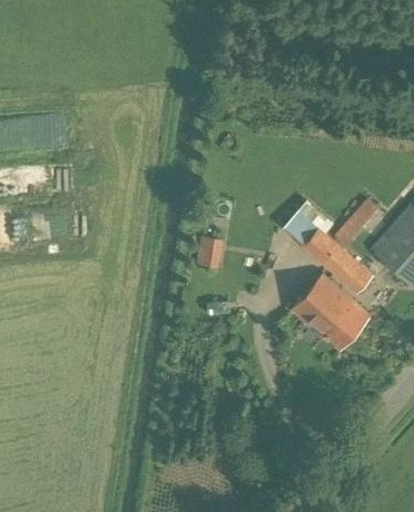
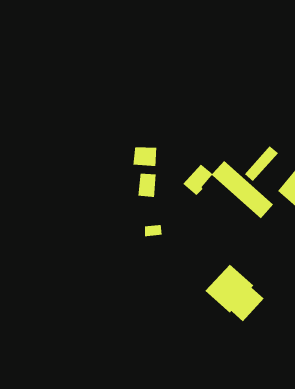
building: none -> [133,146,157,167]
building: [290,274,367,348] -> [205,264,264,322]

